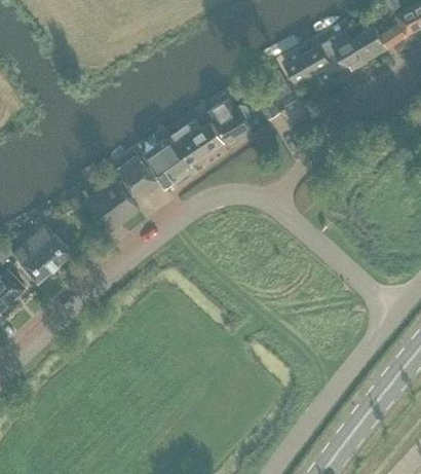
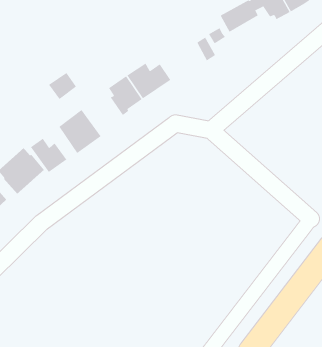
building: [207,97,251,144] -> none
building: [120,163,155,197] -> [48,72,77,100]
building: none -> [30,138,67,173]

